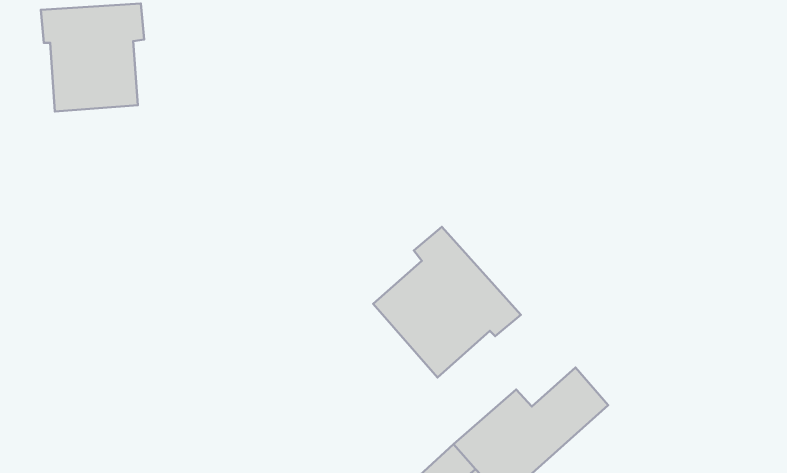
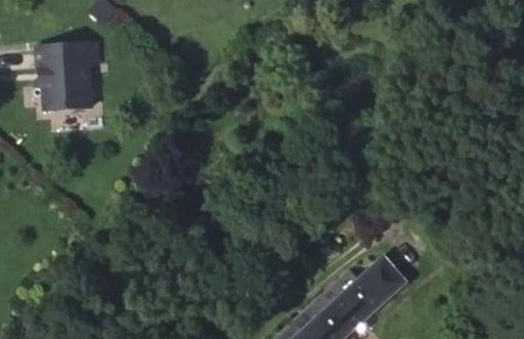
building: [373,227,521,377] -> none

